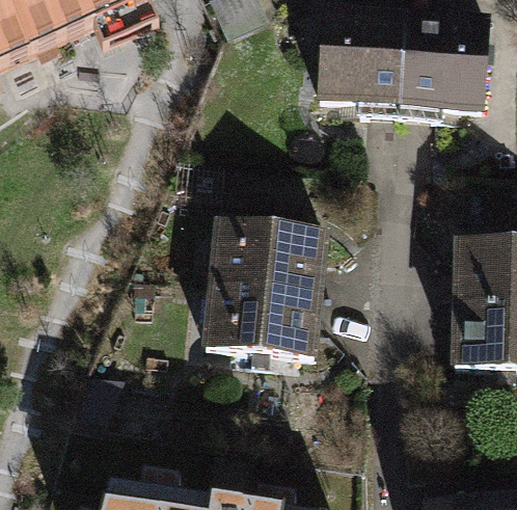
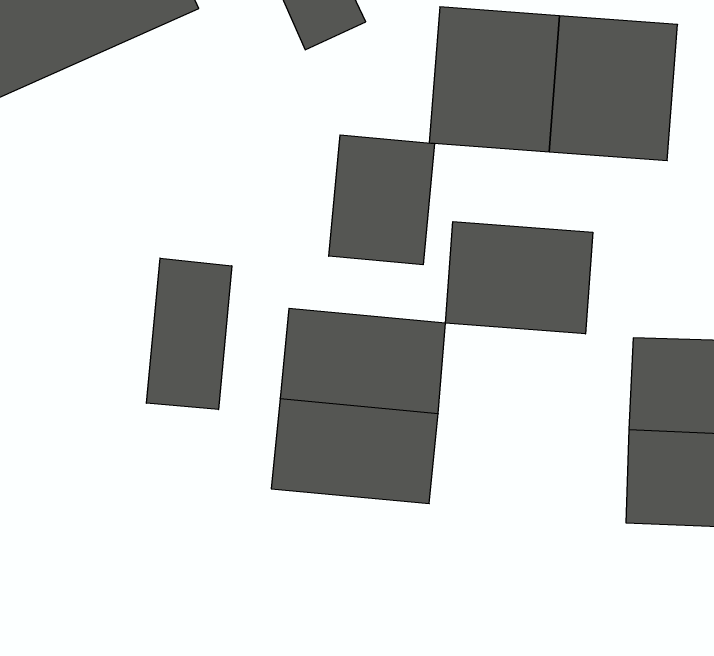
building: none -> [329,135,434,265]
building: none -> [446,222,593,334]
building: none -> [146,258,232,410]

